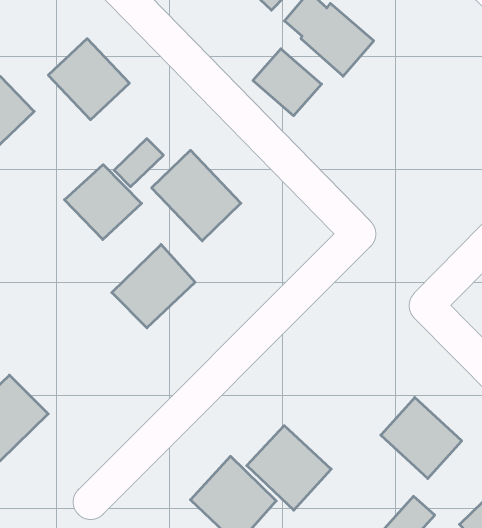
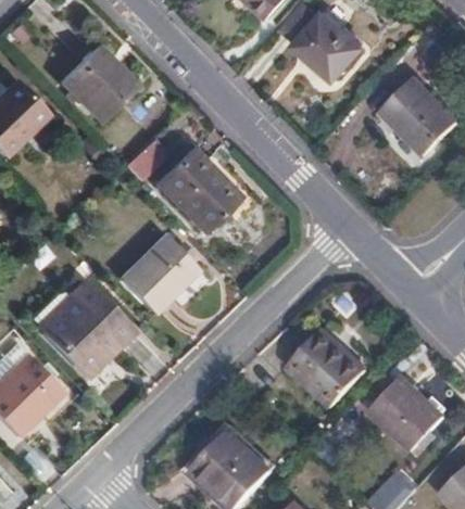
building: [253,49,322,116] -> none
building: none -> [377,80,453,156]
building: [64,165,142,240] -> none
building: none -> [37,280,133,376]
building: [247,426,331,510] -> [287,329,365,407]

